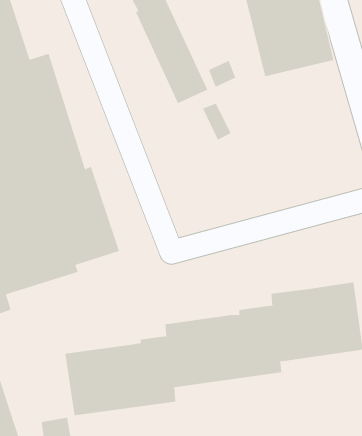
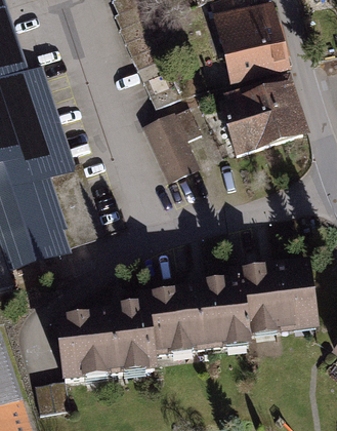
building: none -> [219,74,307,154]
building: none -> [142,112,200,182]

